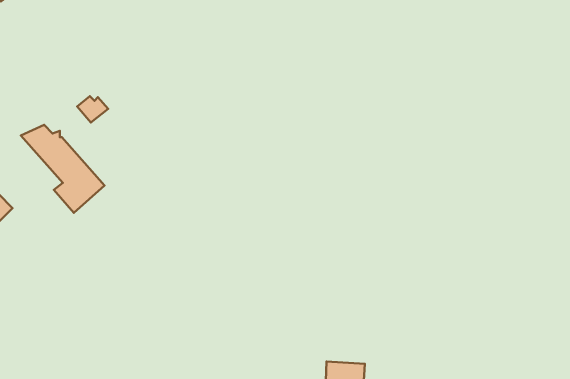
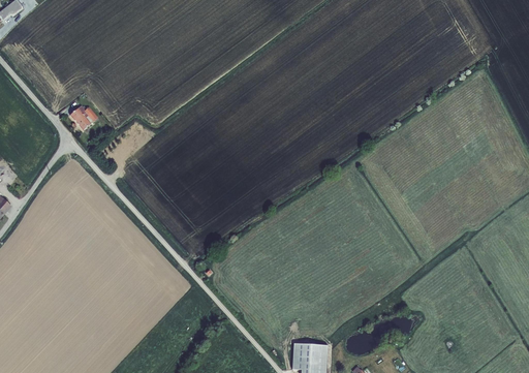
building: [21,125,104,213] -> none

